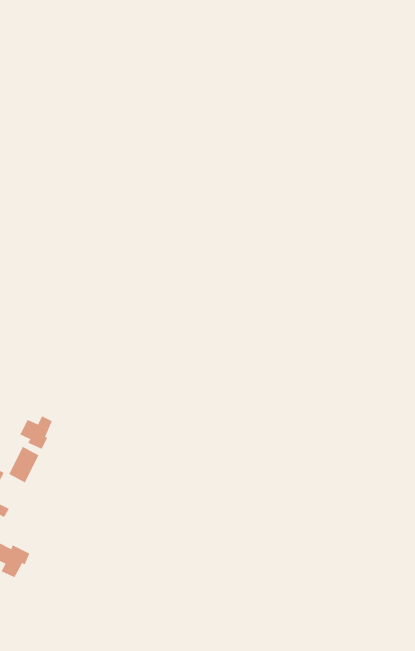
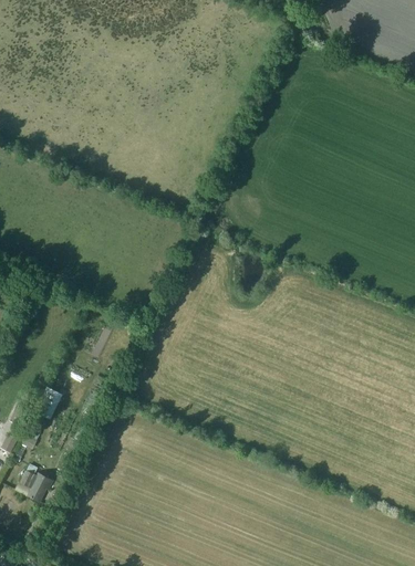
building: [19,415,53,449] -> none

